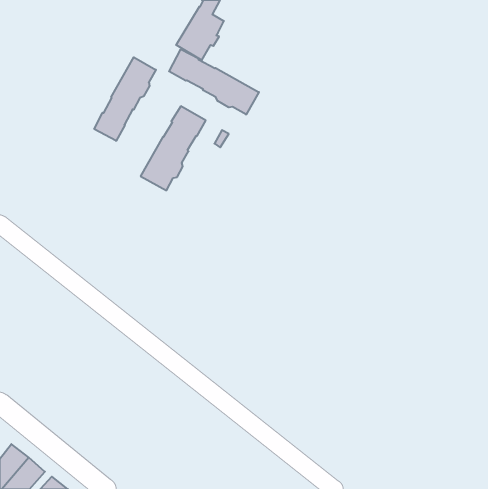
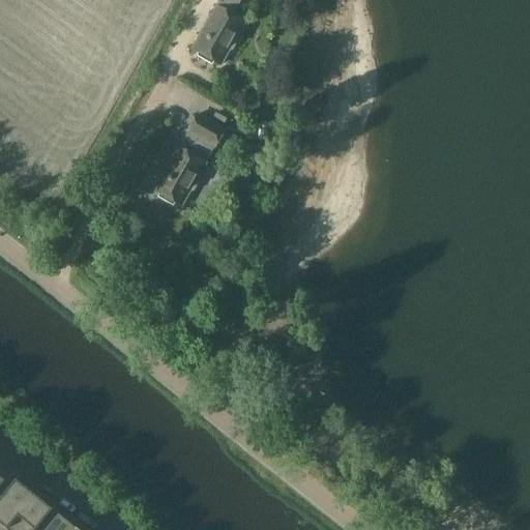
building: [169,49,259,115] -> none
building: [94,57,156,141] -> none

